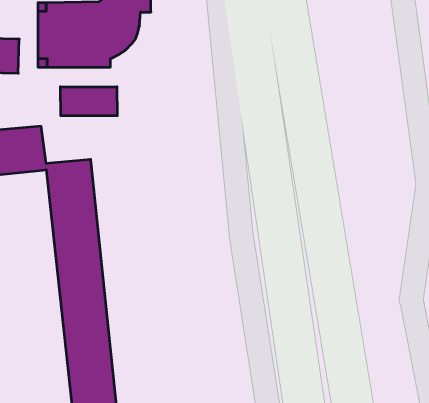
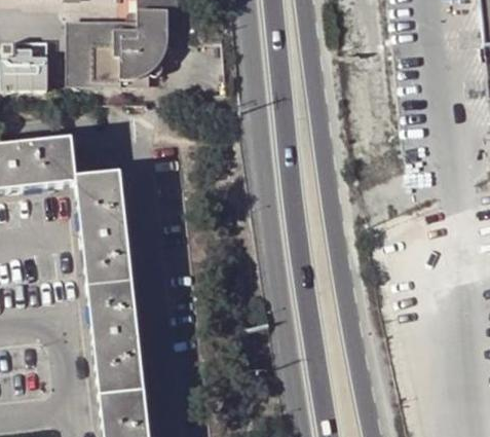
building: [60,87,117,116] -> none

